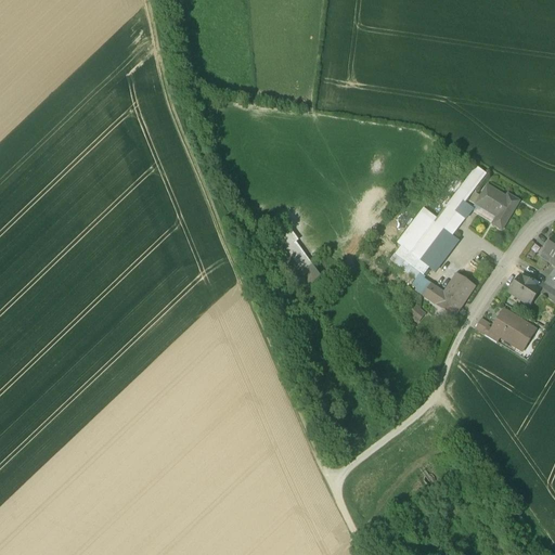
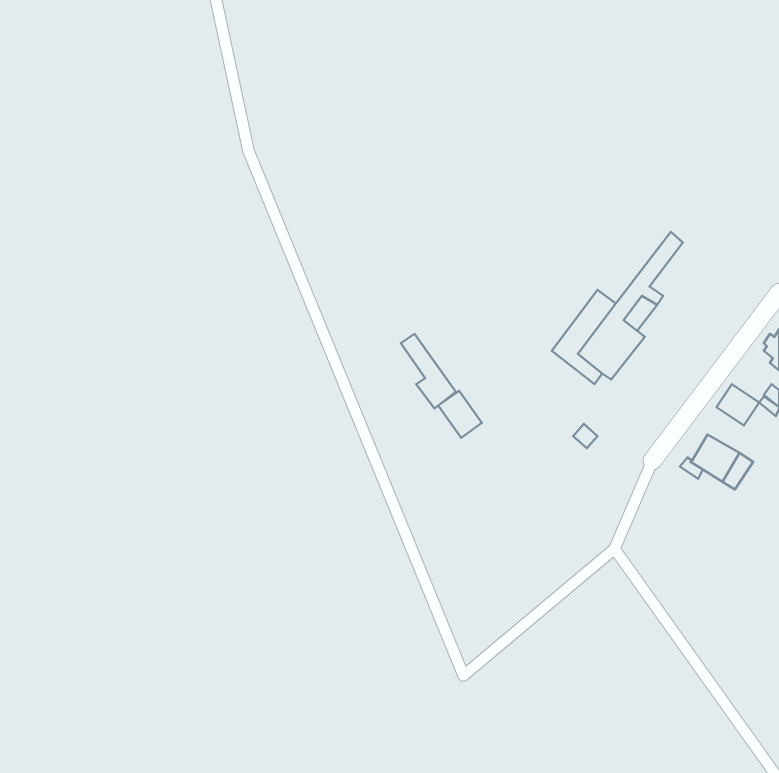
building: [476,183,519,228] -> none
building: [424,273,473,313] -> none
building: none -> [438,391,482,438]

